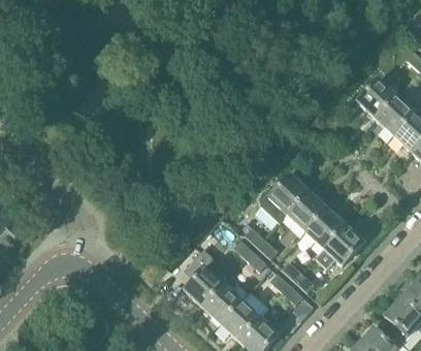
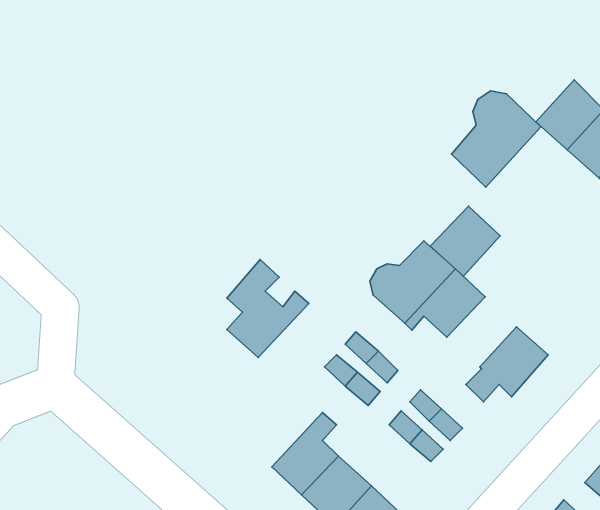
building: none -> [451,91,541,187]
building: [304,206,346,248] -> [430,206,500,276]
building: [183,249,231,307] -> [227,260,309,358]

